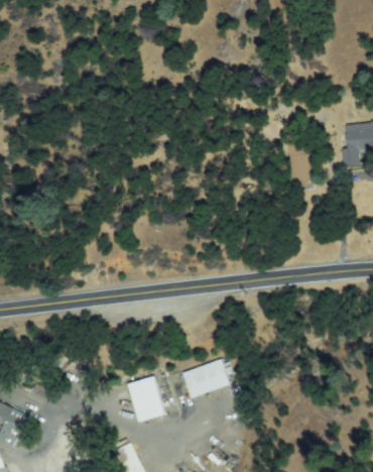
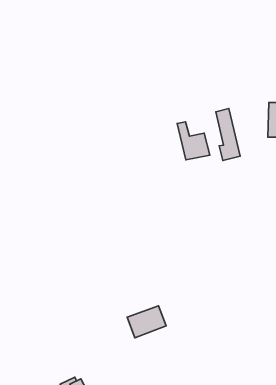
building: none -> [177,122,210,160]
building: [129,376,163,420] -> none

